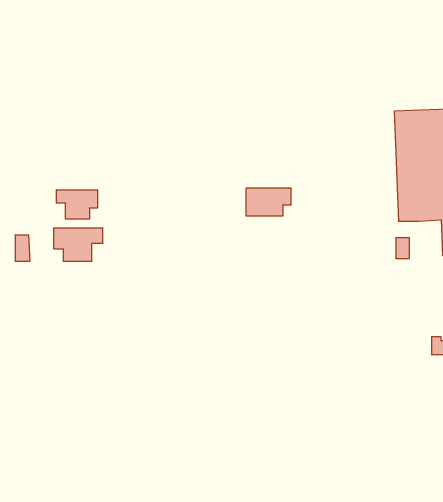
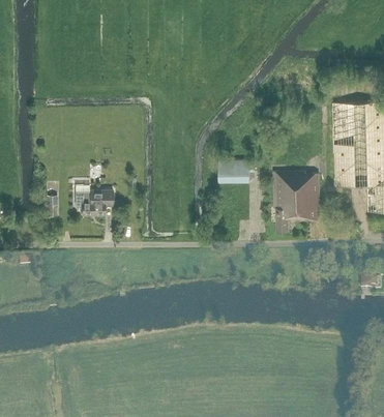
building: [56,190,97,219] -> none
building: none -> [273,169,320,230]

